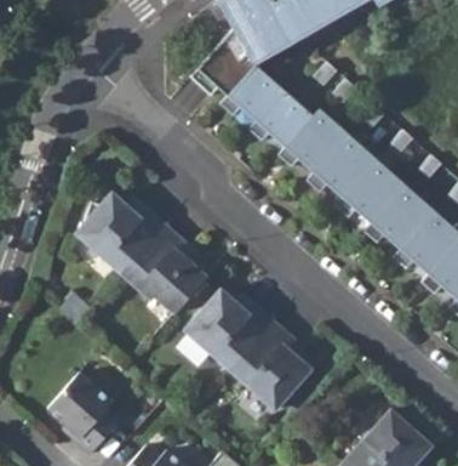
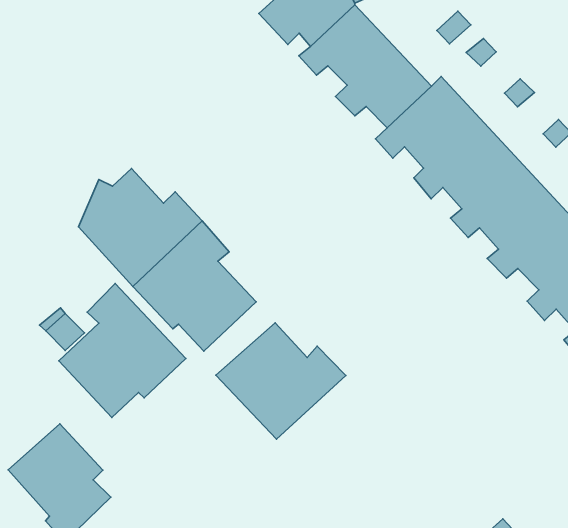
building: none -> [59,284,186,418]
building: [230,320,311,409] -> none

